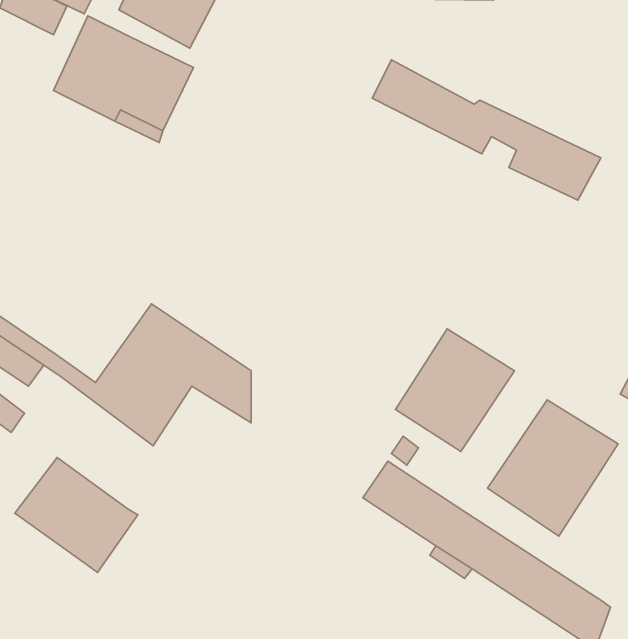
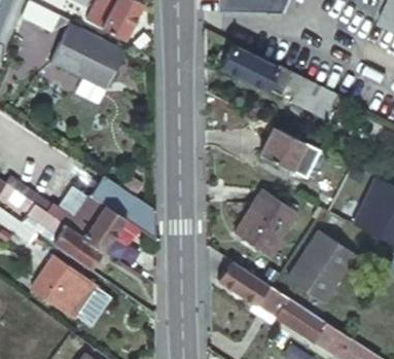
building: none -> [260,128,305,170]
building: none -> [38,209,105,271]

